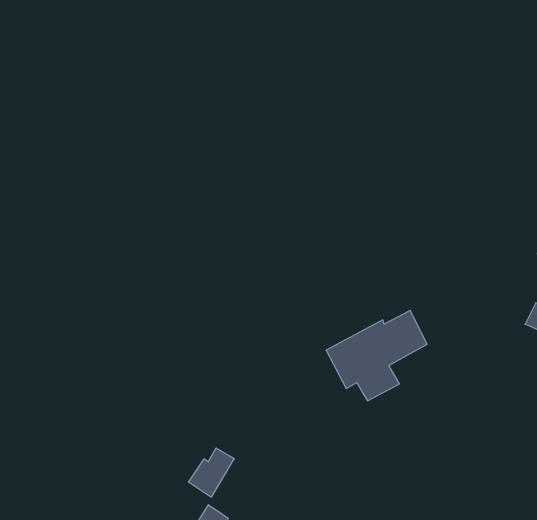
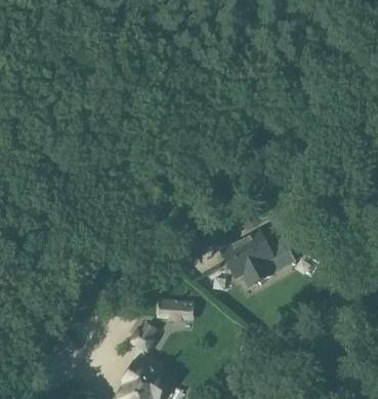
building: none -> [157,301,194,322]

